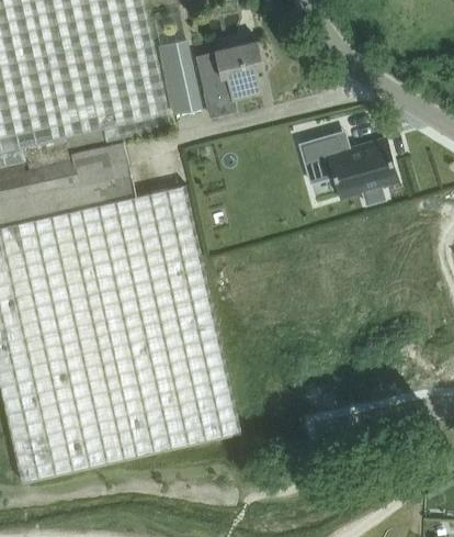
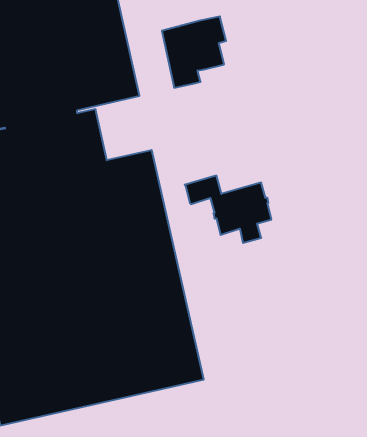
building: [159,41,201,114] -> none
building: [303,132,396,204] -> [185,176,271,243]

